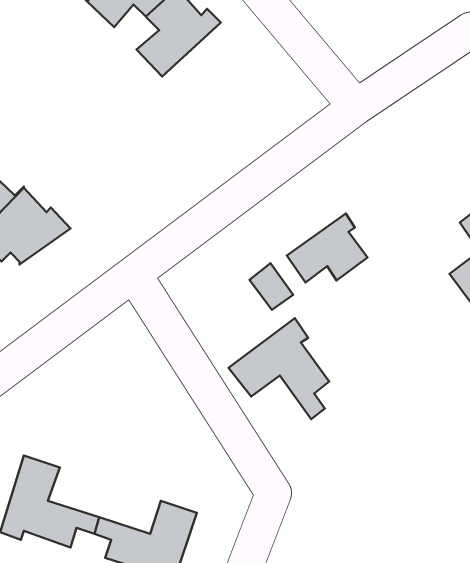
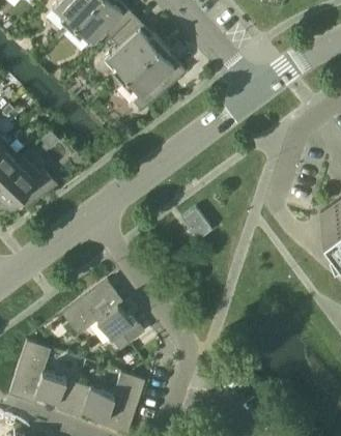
building: none -> [121,43,183,113]
building: [287,213,368,283] -> none
building: [229,318,329,419] -> [62,282,132,351]

